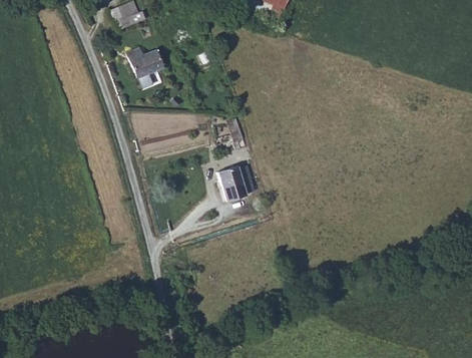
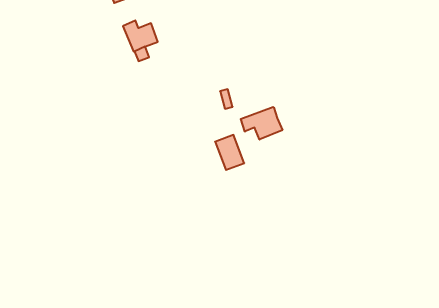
building: none -> [241,107,282,140]

